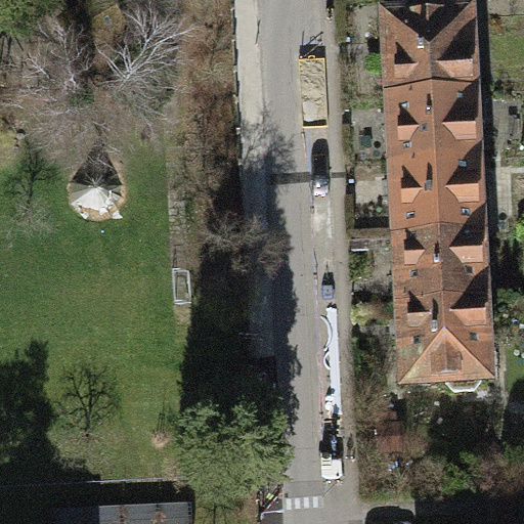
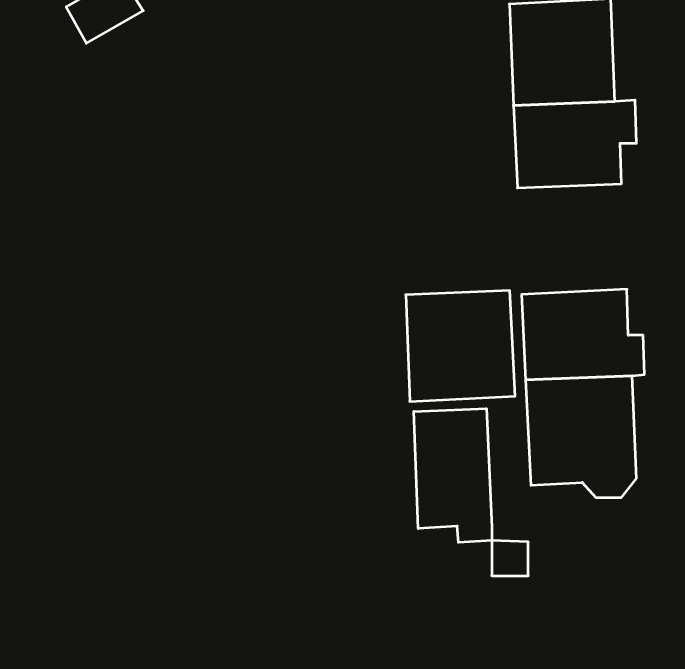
building: [392,139,475,223] -> [406,291,515,401]
building: none -> [414,409,492,542]

